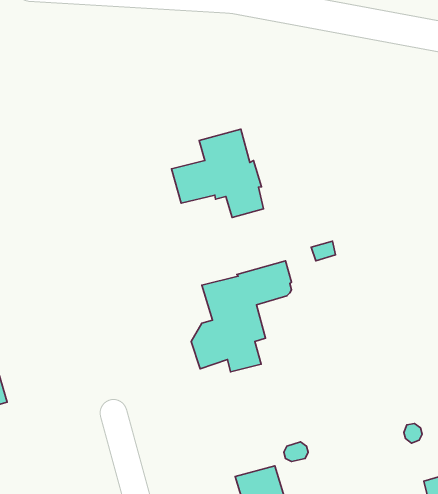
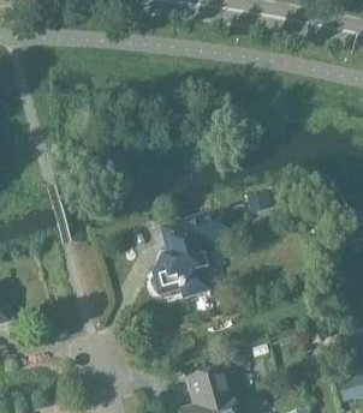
building: [172,129,264,218] -> none

